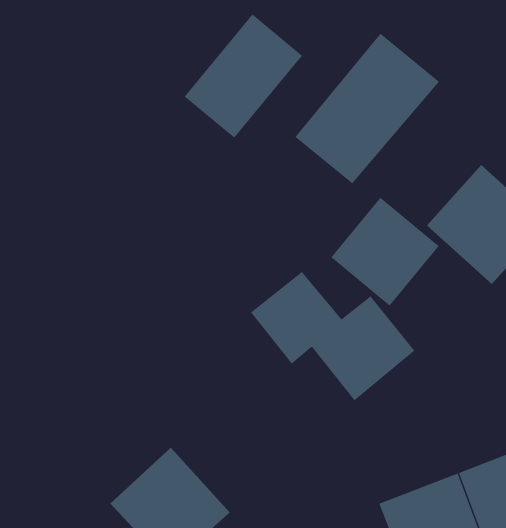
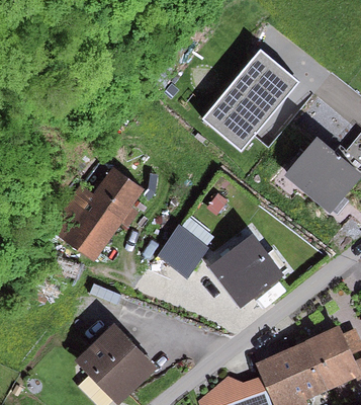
building: [184,13,303,139] -> none
building: [331,197,440,306] -> none
building: none -> [47,170,142,263]

